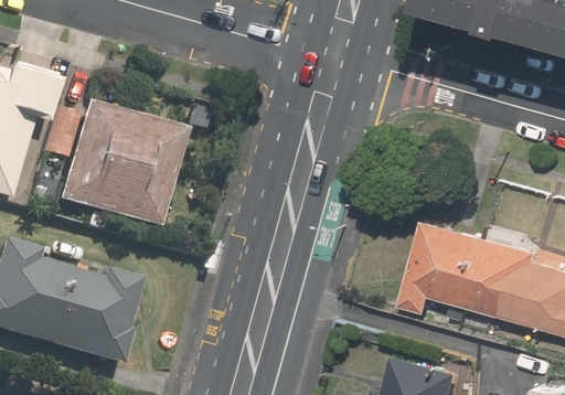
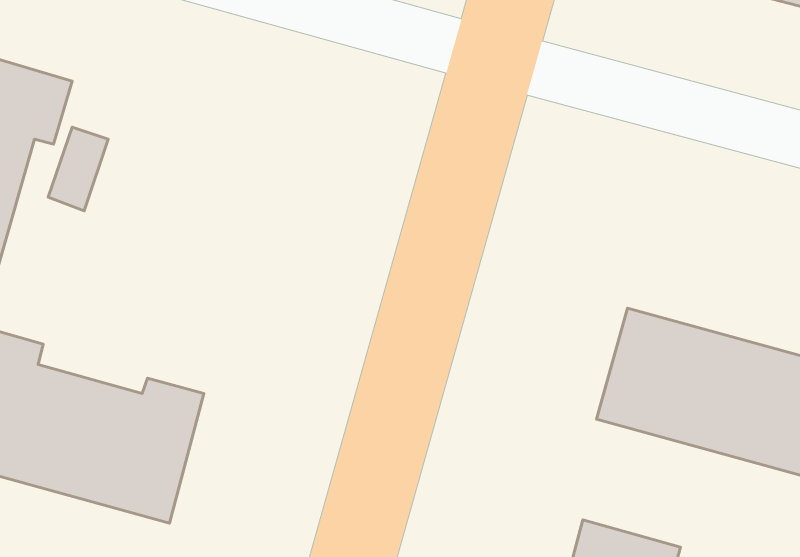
building: [61,97,190,227] -> none

